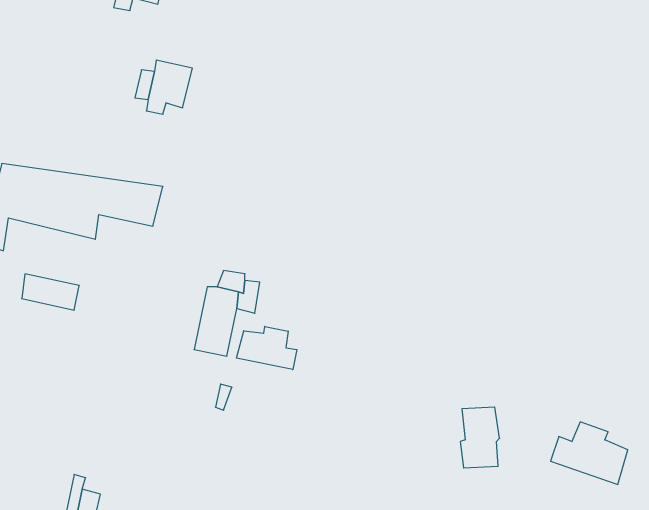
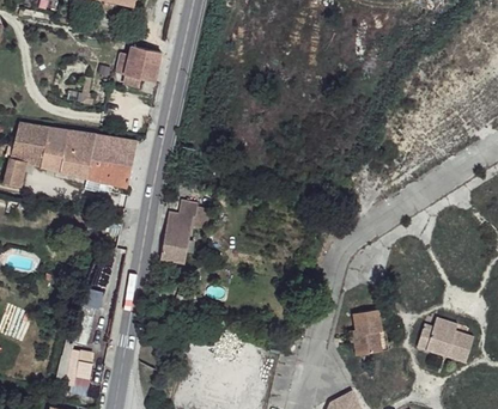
building: [22,274,79,310] -> [87,163,129,189]
building: [237,326,297,370] -> none

